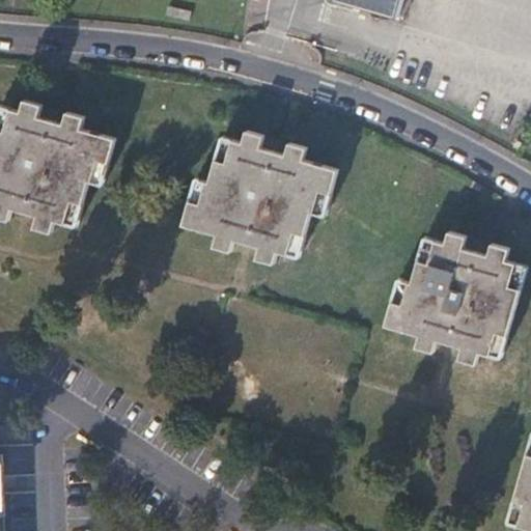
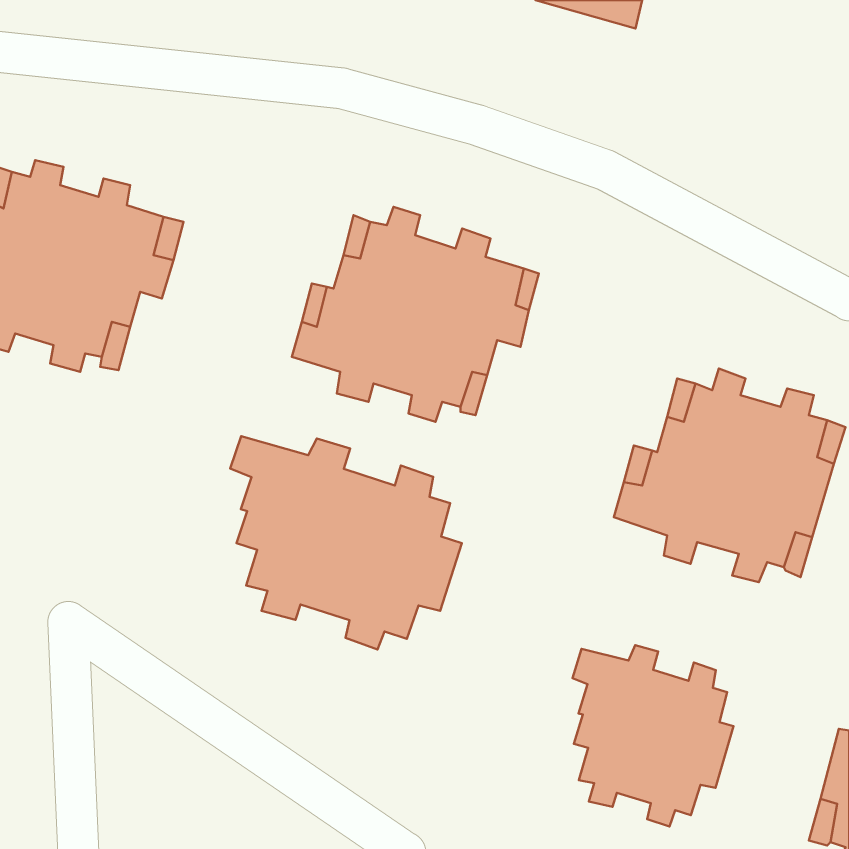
building: none -> [230,436,462,649]
building: none -> [573,645,734,827]

